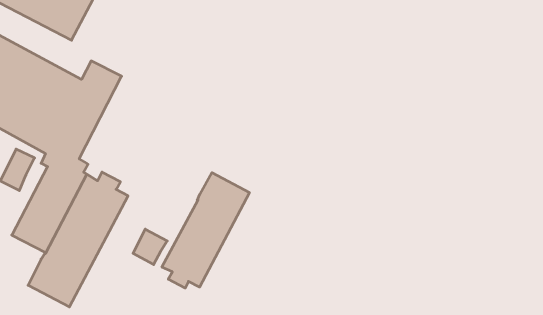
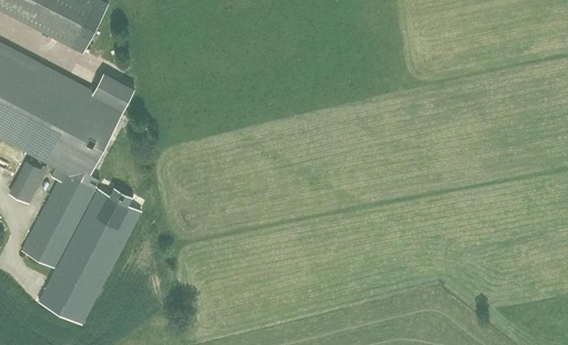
building: [162,173,249,288] -> none
building: [133,229,167,265] -> none

